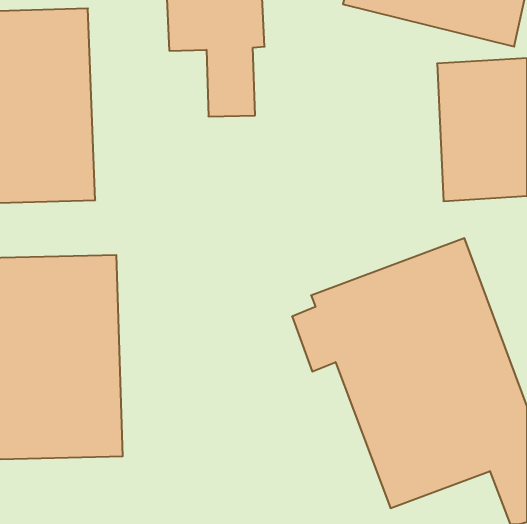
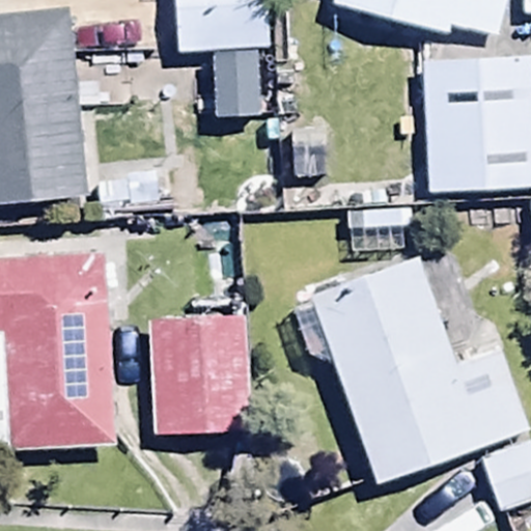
building: none -> [146,295,253,436]

